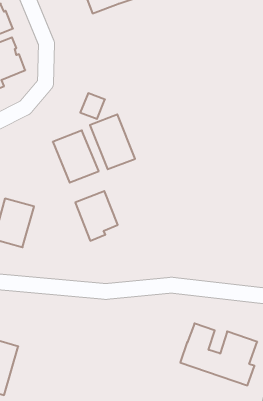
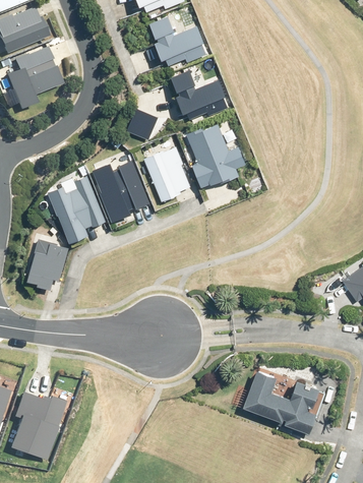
building: none -> [152,21,213,71]
building: none -> [174,75,228,121]
building: none -> [182,115,246,186]
building: [75,191,118,241] -> [52,178,101,235]

